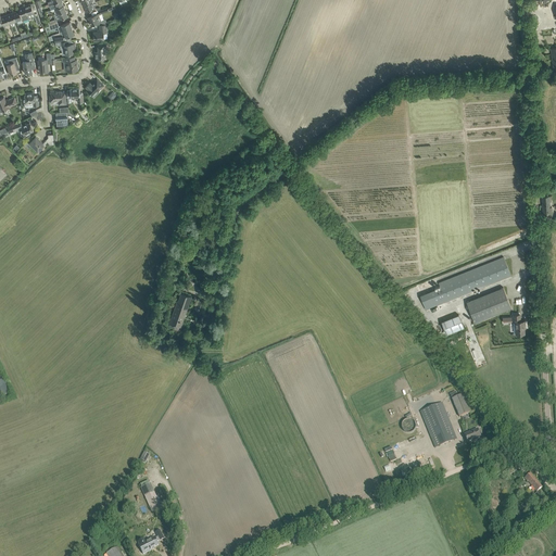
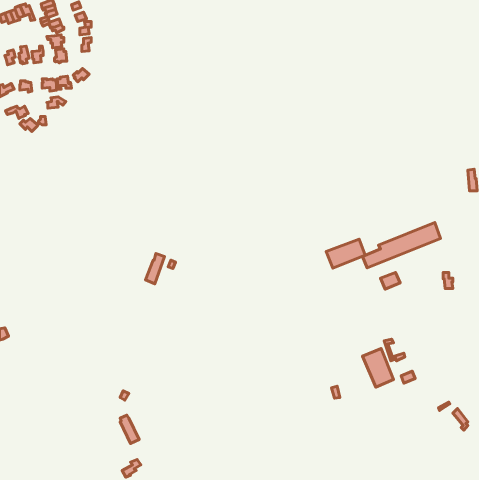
building: none -> [326,239,365,268]
building: [466,288,509,323] -> none

